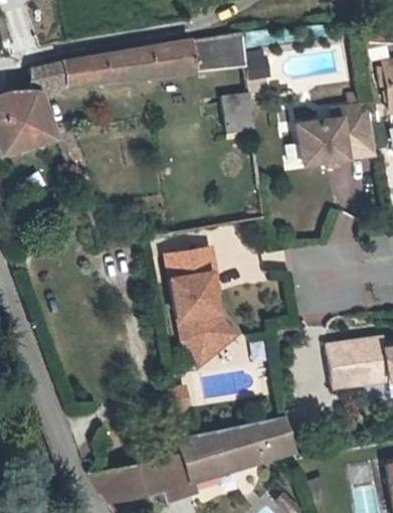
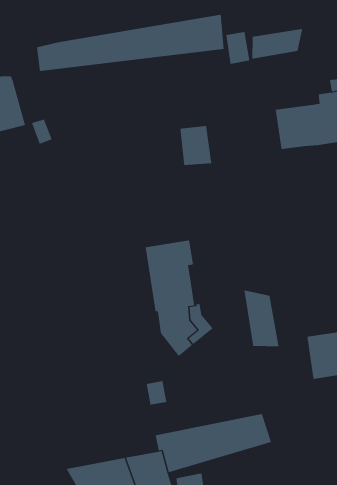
building: none -> [252,28,303,60]
building: [31,62,64,96] -> none
building: [222,93,254,132] -> [179,125,212,165]
building: none -> [244,289,279,347]

